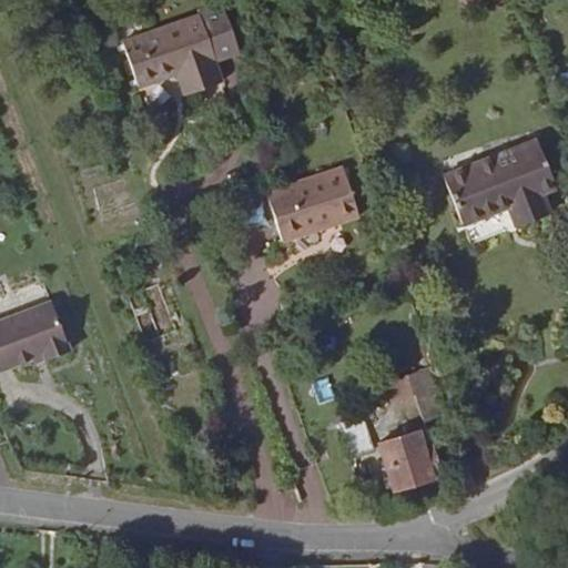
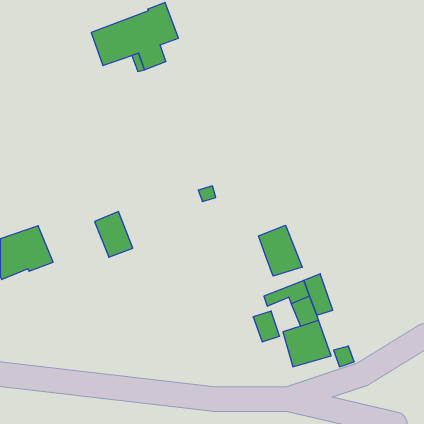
building: [443,140,556,227] -> none
building: [266,168,359,241] -> none
building: none -> [258,225,302,276]

